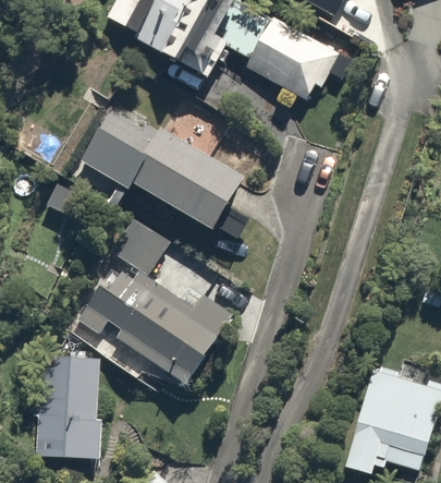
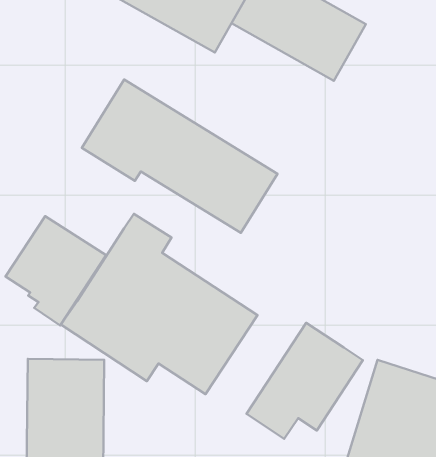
building: none -> [5,216,106,326]
building: none -> [246,323,363,439]

